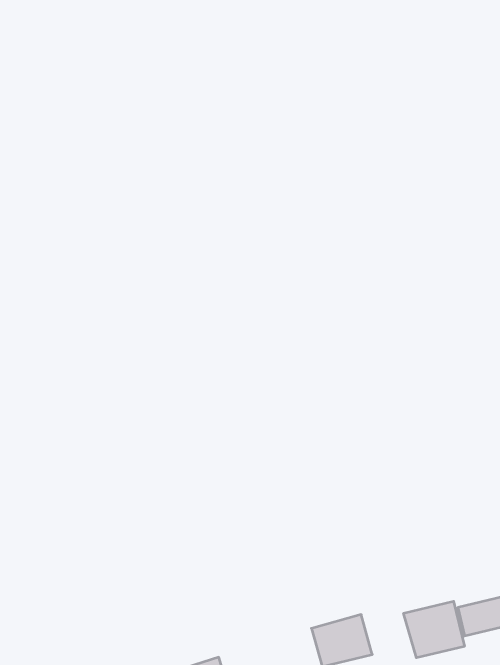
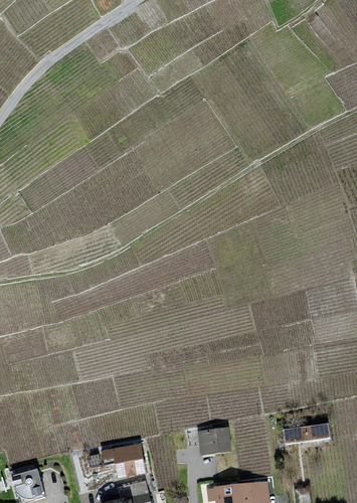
building: [404,601,464,658] -> none

